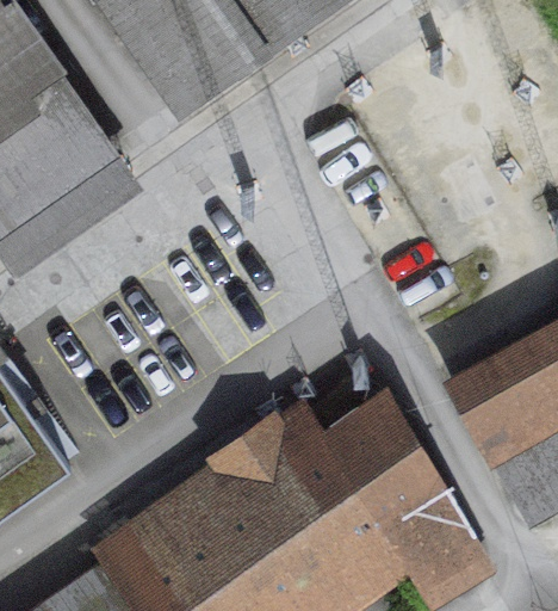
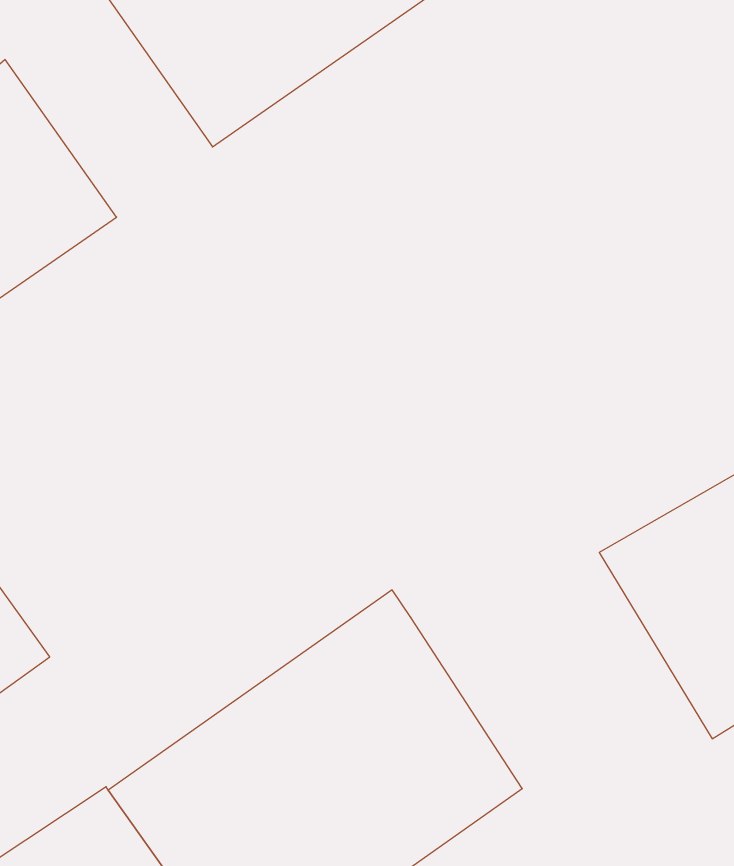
building: [322,396,479,599] -> none

